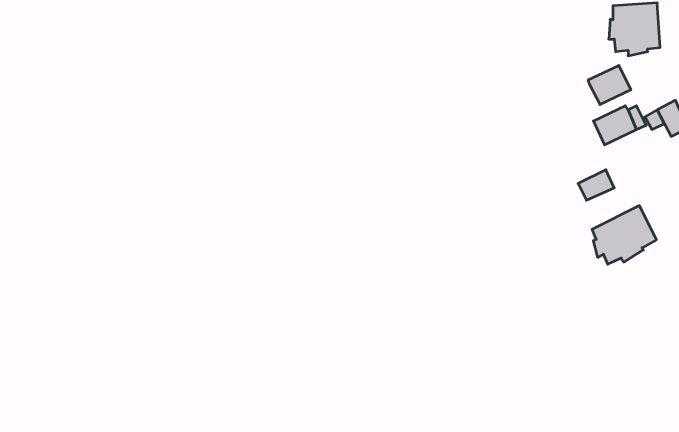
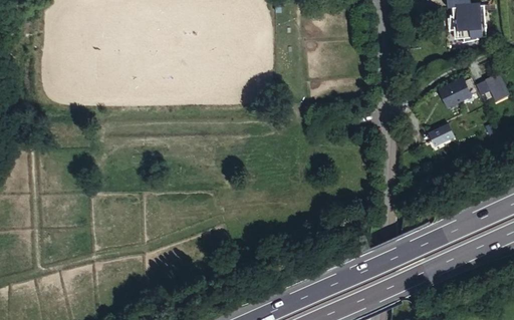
building: [588,65,631,105] -> none
building: [592,206,656,264] -> none

